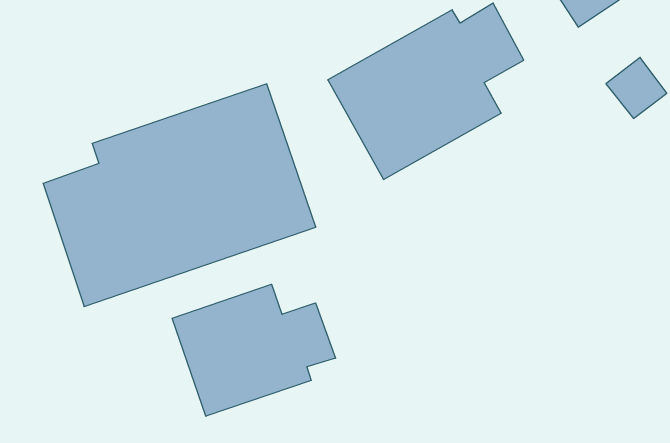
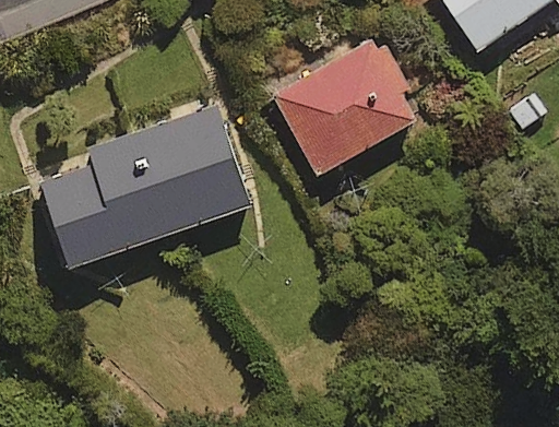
building: [172,284,336,416] -> none

